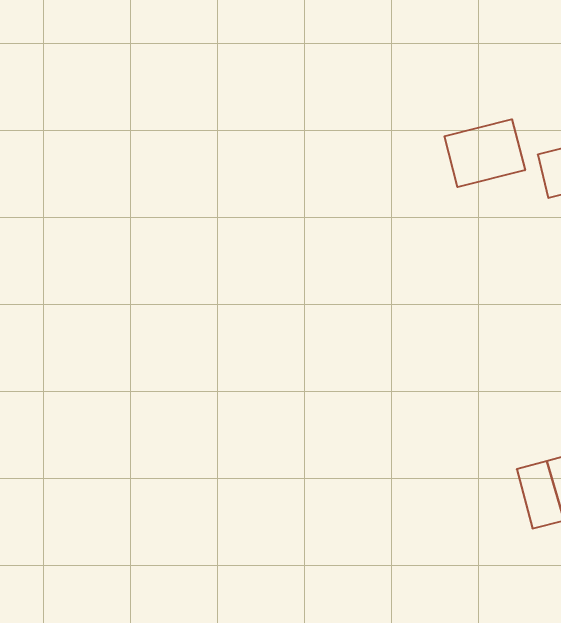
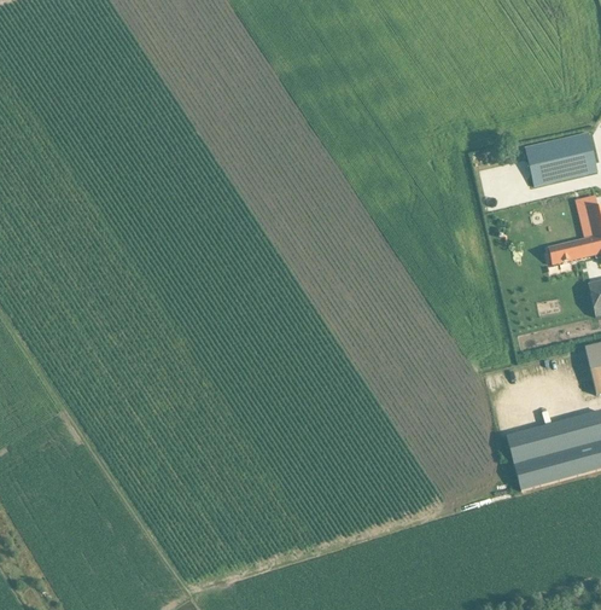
building: [444,119,525,187] -> none

